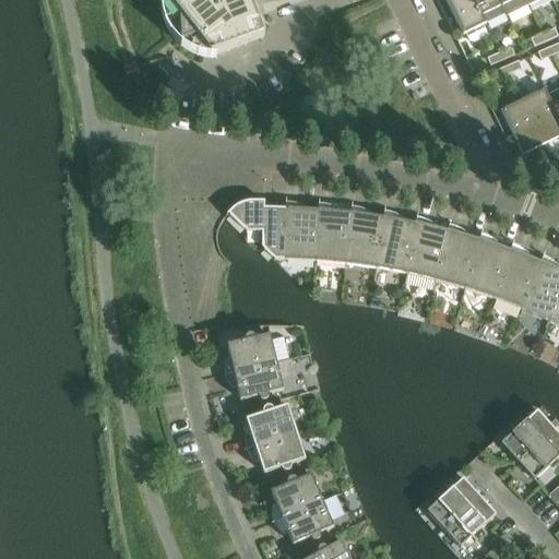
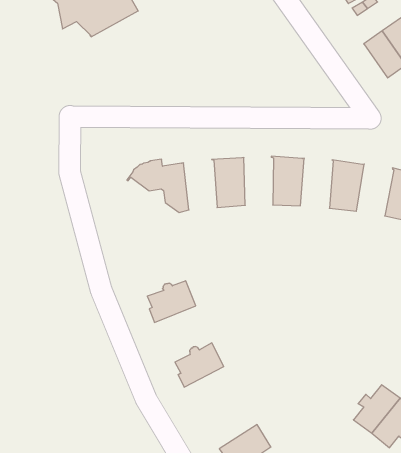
building: [286,204,321,259] -> none
building: [347,209,385,265] -> none
building: [406,219,449,278] -> none
building: [465,236,512,296] -> none
building: [230,360,284,397] -> none
building: [251,430,306,471] -> none
building: [271,473,323,518] -> none

